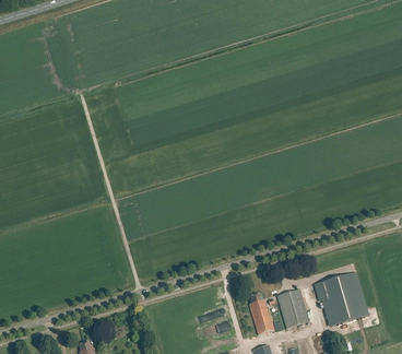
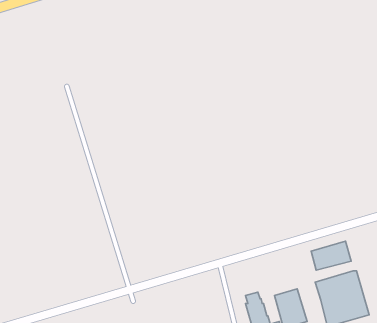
building: none -> [311,241,351,270]

